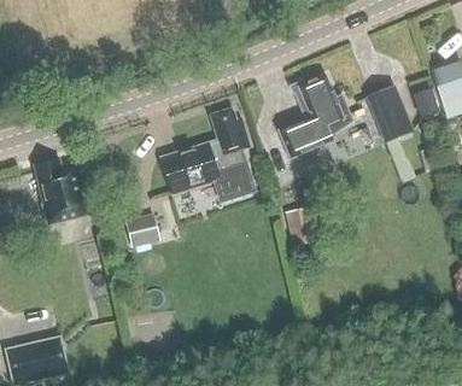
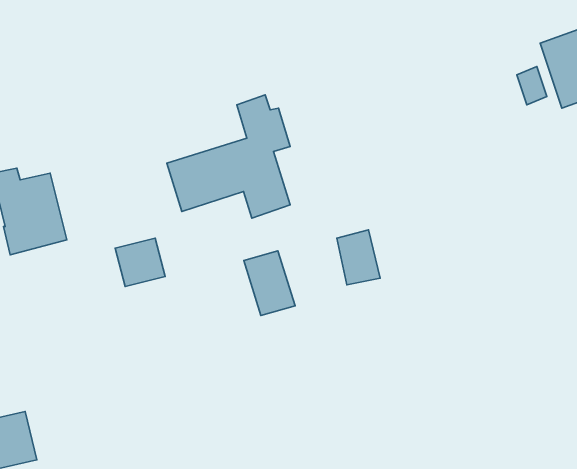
building: [279,75,352,159] -> none
building: [364,83,411,139] -> none
building: none -> [244,251,295,316]

